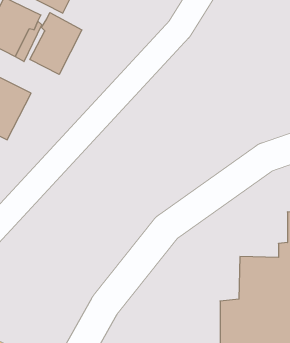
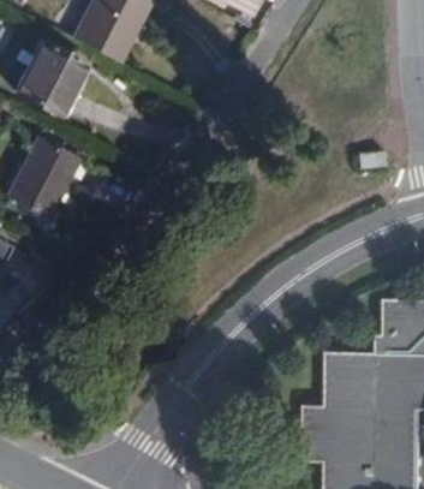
building: [30,13,82,74] -> none

